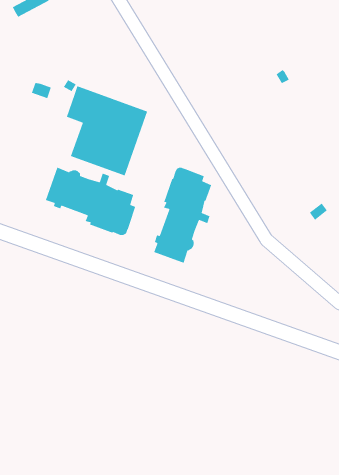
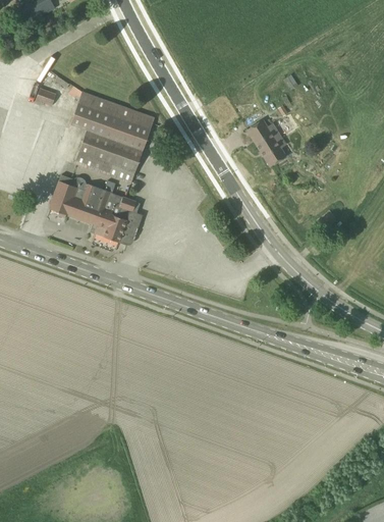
building: none -> [246,118,286,165]
building: [153,167,212,264] -> none

